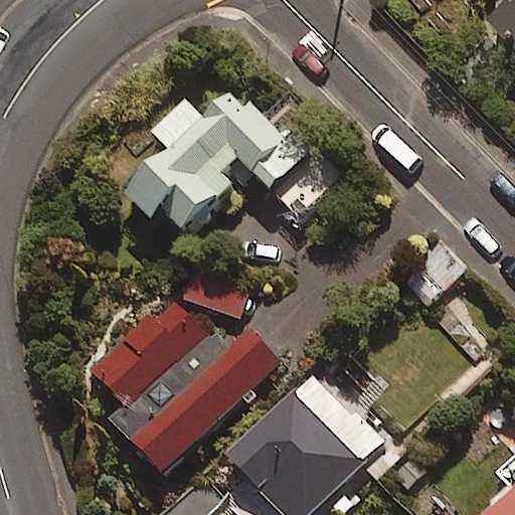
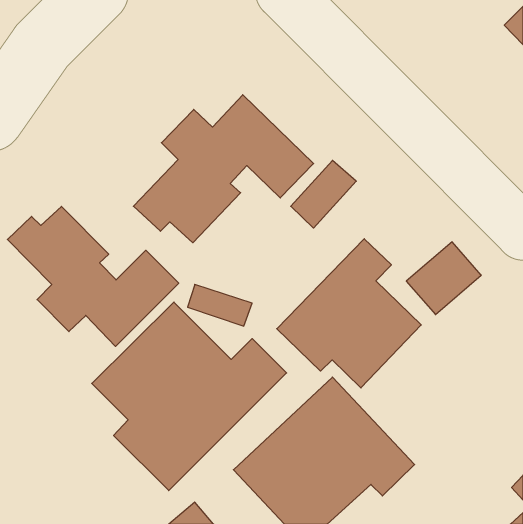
building: none -> [7,206,179,346]
building: none -> [277,239,421,388]

